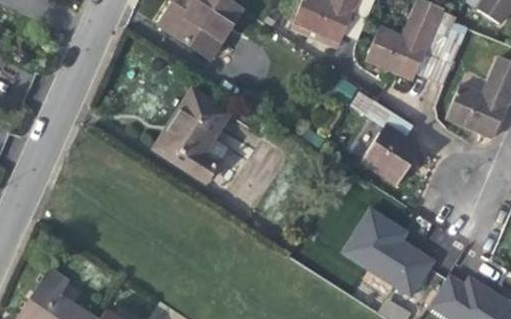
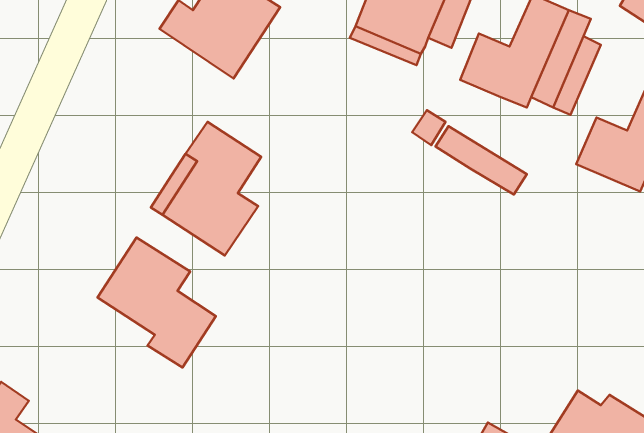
building: [355,121,419,184] -> none
building: none -> [97,238,216,368]
building: [343,209,434,296] -> none

